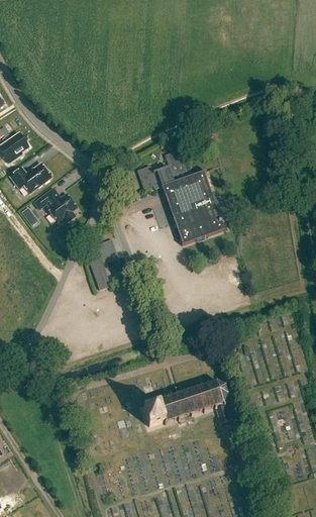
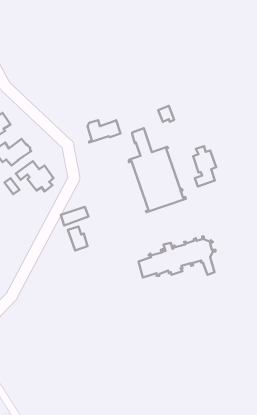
building: [137,167,175,192] -> [87,120,121,142]
building: none -> [193,146,216,186]
building: [142,380,229,426] -> [139,236,215,278]

